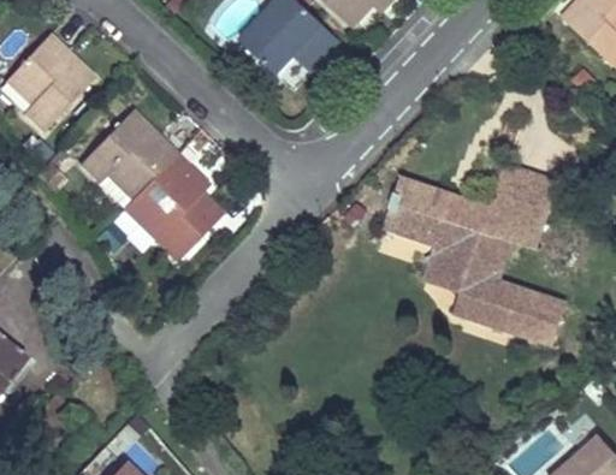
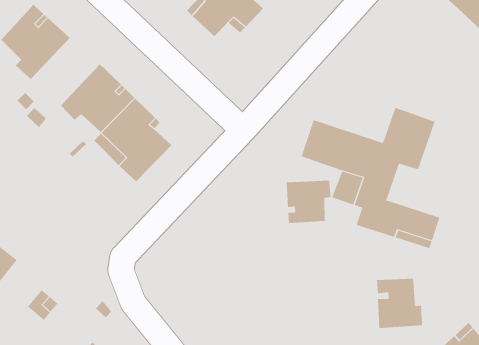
building: none -> [286,180,331,224]
building: none -> [376,278,422,329]

